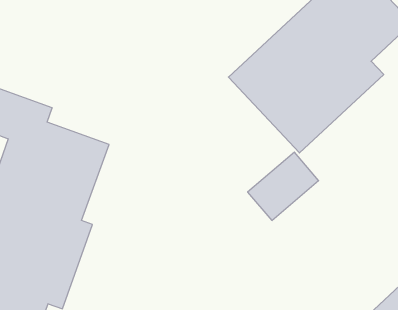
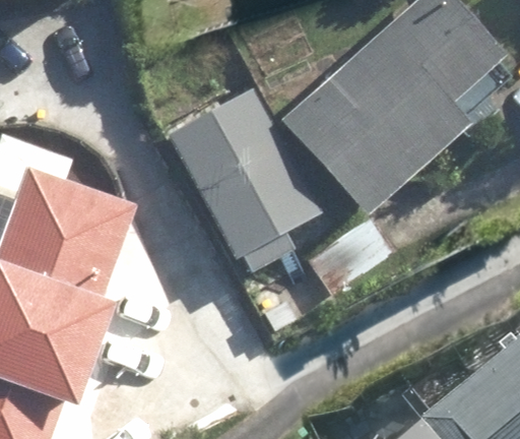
building: none -> [166,88,318,259]

